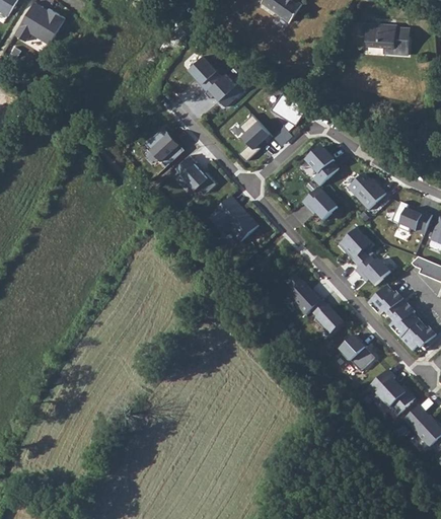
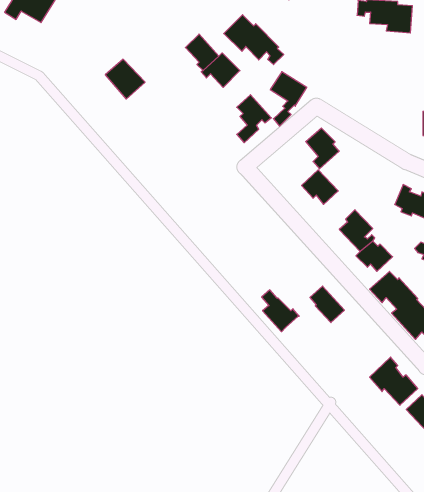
building: none -> [224,15,284,65]
building: [146,127,185,165] -> [105,59,145,99]
building: [171,154,216,192] -> none
building: [348,172,386,209] -> none
building: [208,199,259,241] -> none
building: [287,274,323,314] -> [262,290,299,332]
building: [339,333,375,371] -> none

